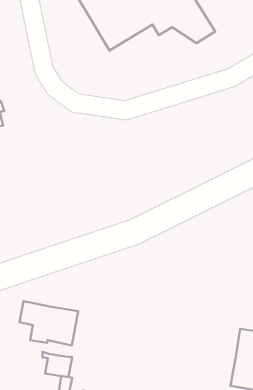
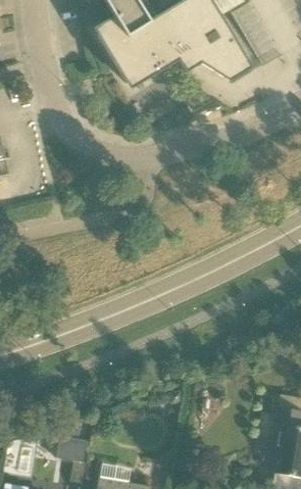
building: [19,301,78,345] -> none

